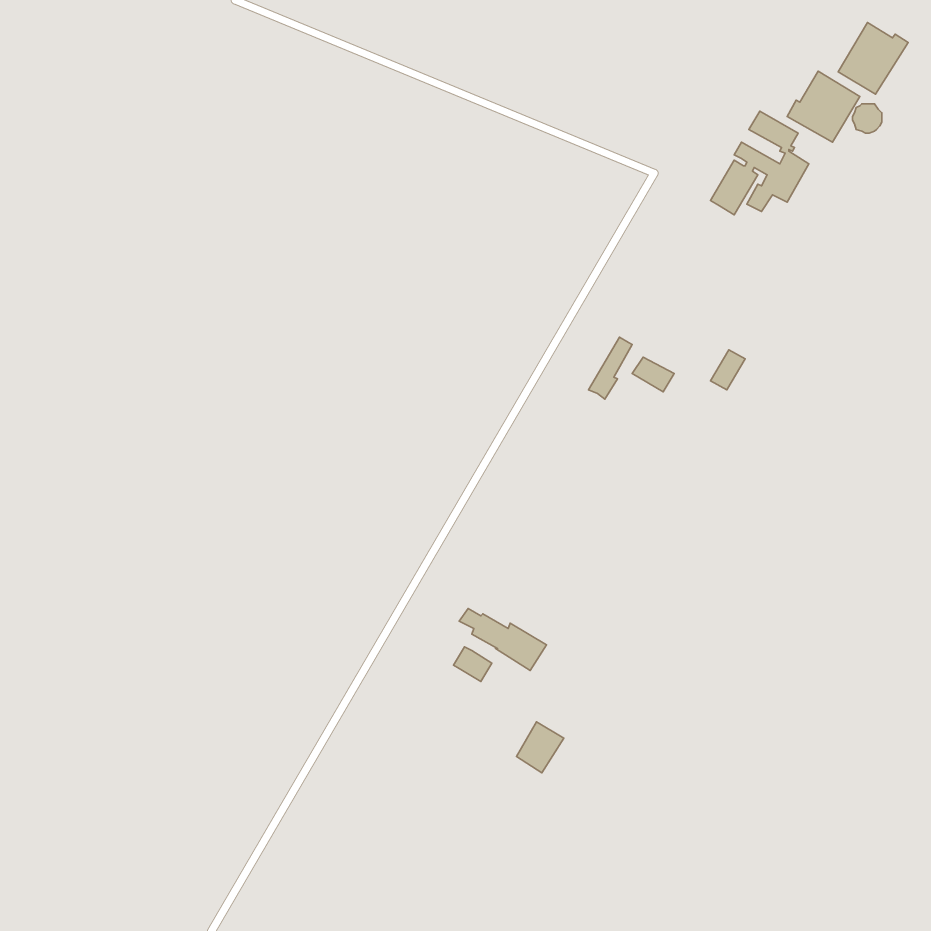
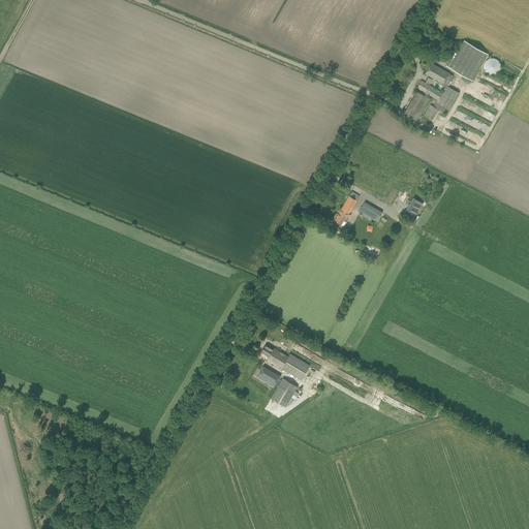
building: [838,22,908,94] -> none
building: [516,722,564,773] -> [271,378,298,407]

